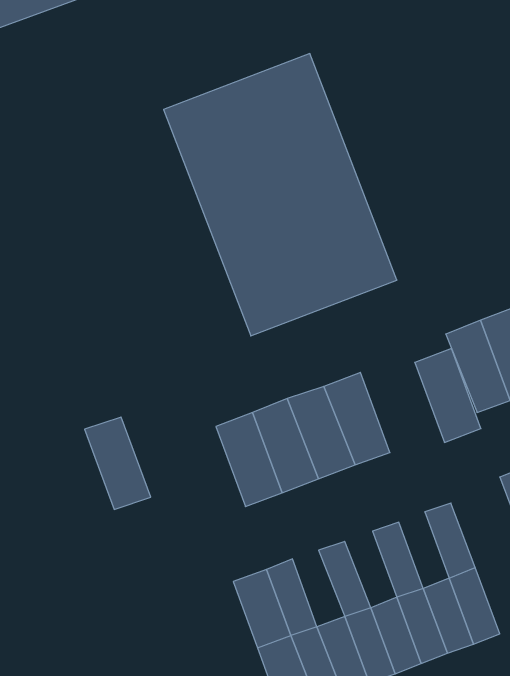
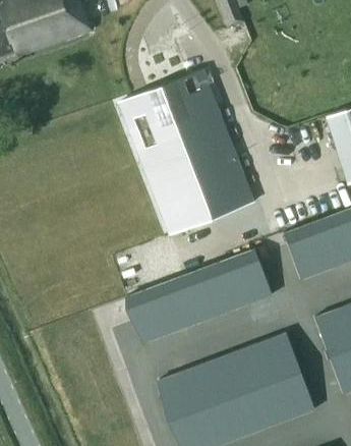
building: [415,348,481,442] -> [232,248,271,303]
building: [85,417,151,509] -> [126,288,165,342]
building: none -> [254,338,284,383]
building: none -> [223,349,253,394]
building: none -> [192,360,223,405]

